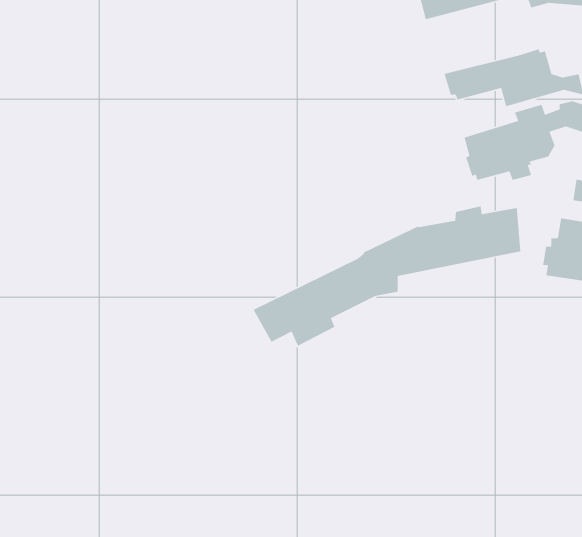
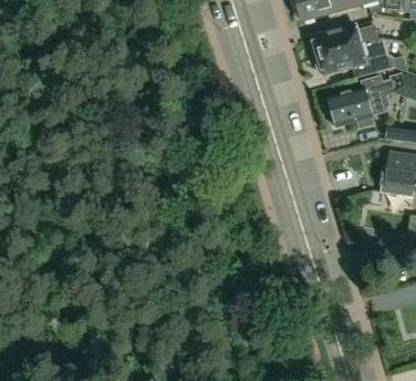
building: none -> [312,24,377,55]
building: [253,205,521,347] -> none

